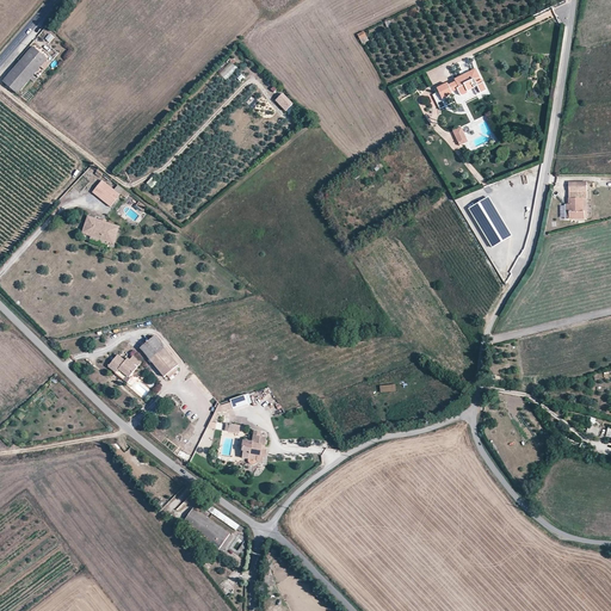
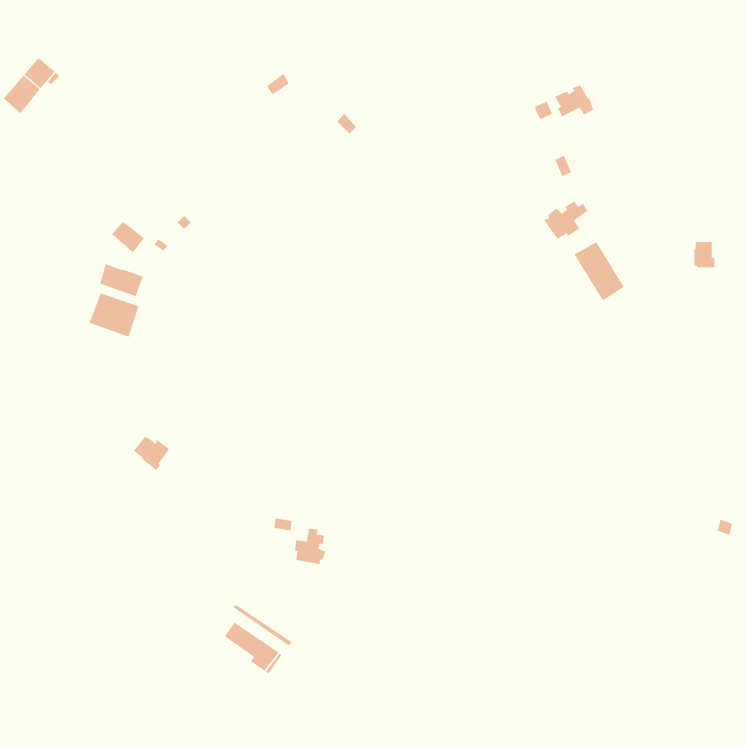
building: none -> [544,200,588,240]
building: none -> [89,292,139,337]
building: [138,335,175,375] -> none

